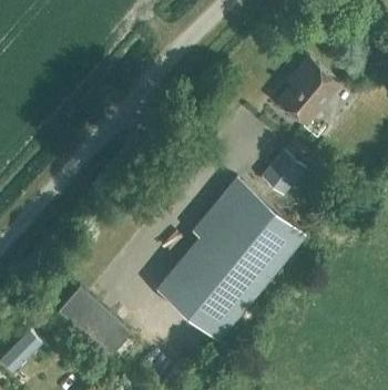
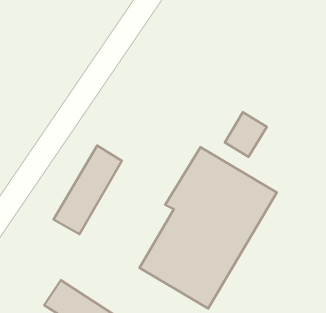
building: [278,61,338,125] -> none
building: none -> [53,145,122,234]

